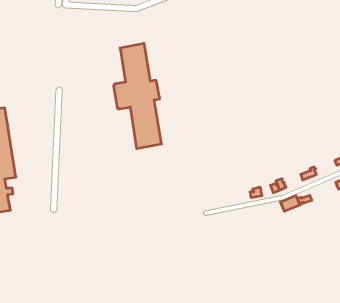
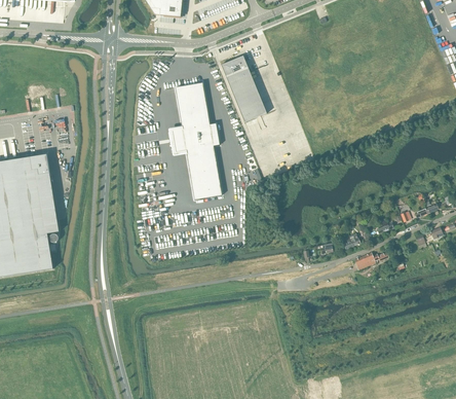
building: none -> [221,55,267,121]

